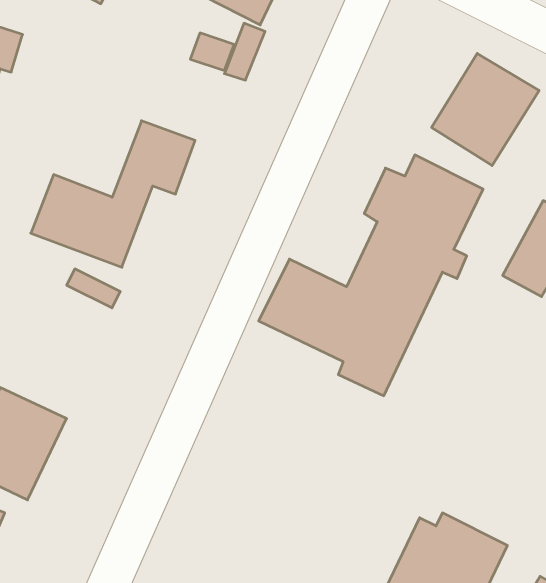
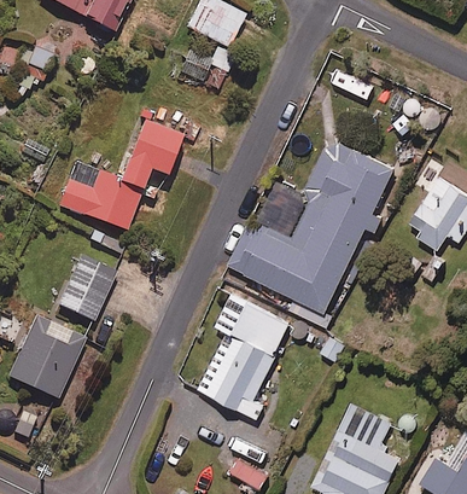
building: [432,53,539,166] -> none
building: none -> [57,256,116,322]
building: none -> [198,294,291,419]

